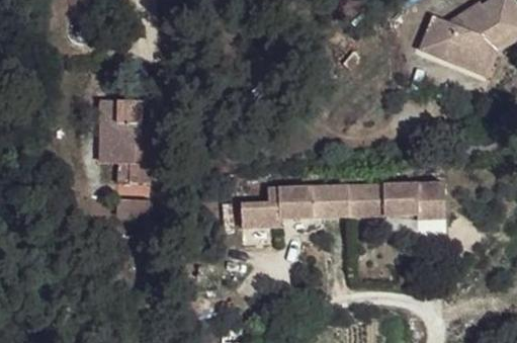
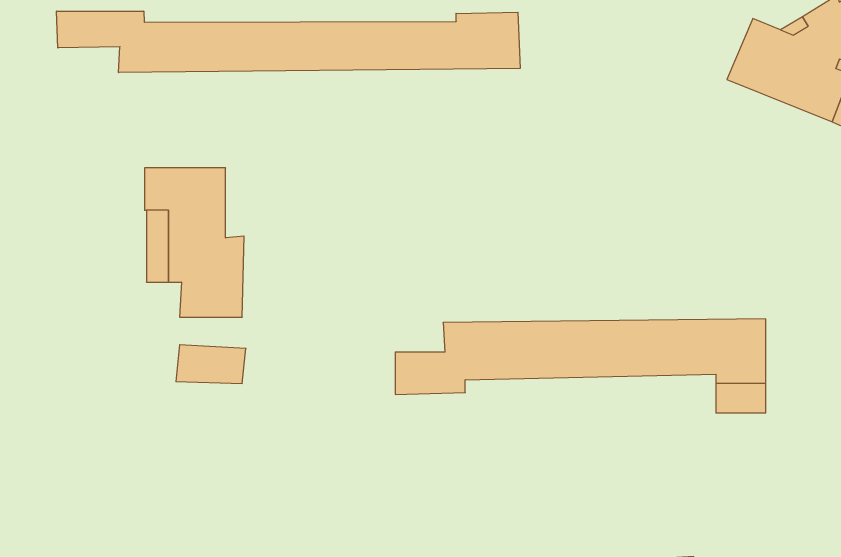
building: none -> [57,11,520,73]

